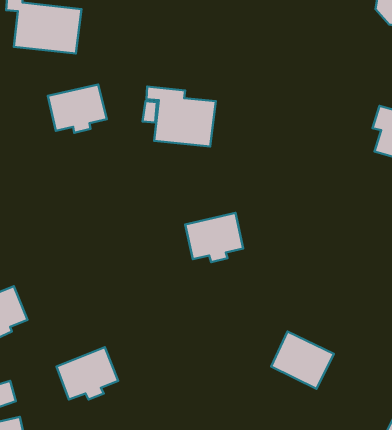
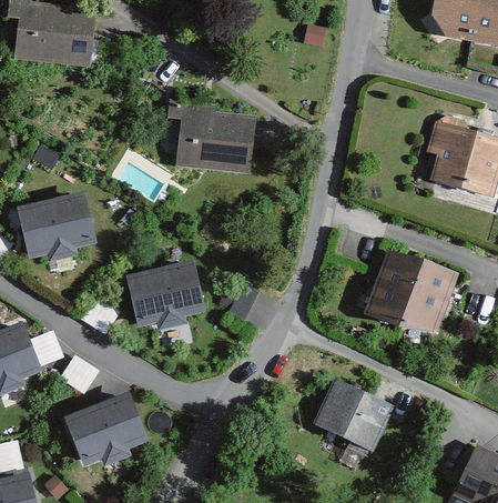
building: [48,84,107,133] -> [22,200,90,255]
building: [185,213,243,262] -> [132,268,199,324]
building: none -> [370,252,450,332]

